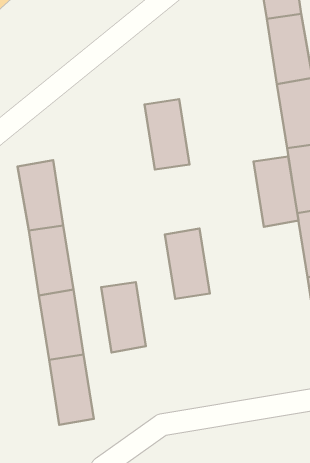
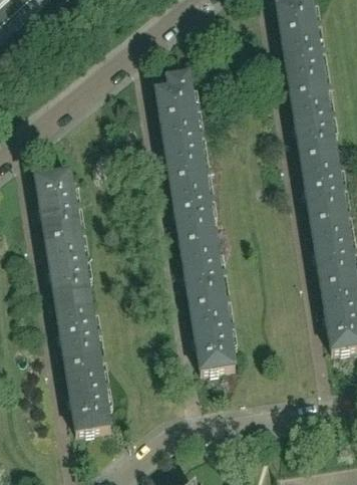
building: none -> [156,70,195,112]
building: [254,157,298,227] -> [170,172,215,241]
building: [101,282,146,352] -> [191,299,235,369]

